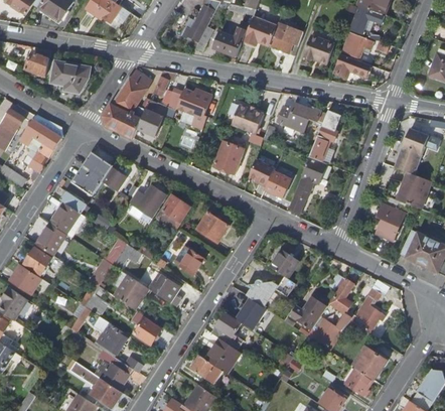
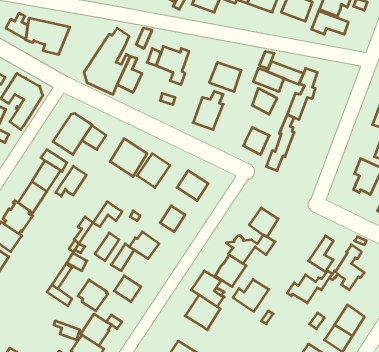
building: [249,157,274,183] -> [252,88,277,114]
building: none -> [56,166,86,196]
building: [291,297,327,329] -> [233,279,269,311]
building: [191,355,224,382] -> none

